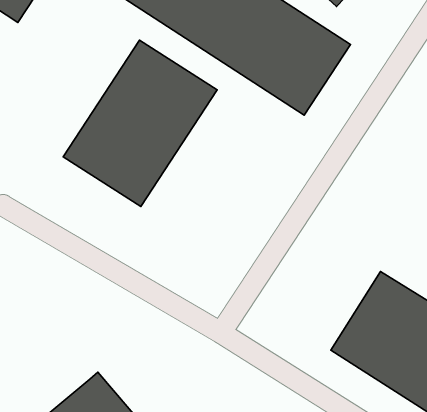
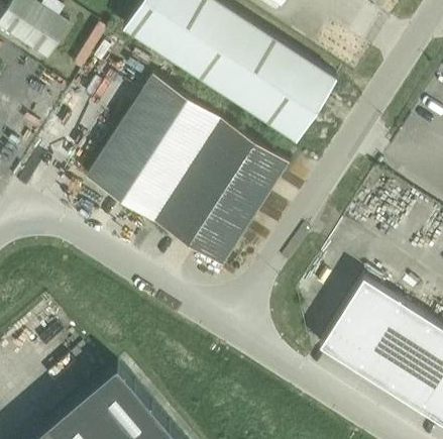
building: none -> [153,119,288,265]

